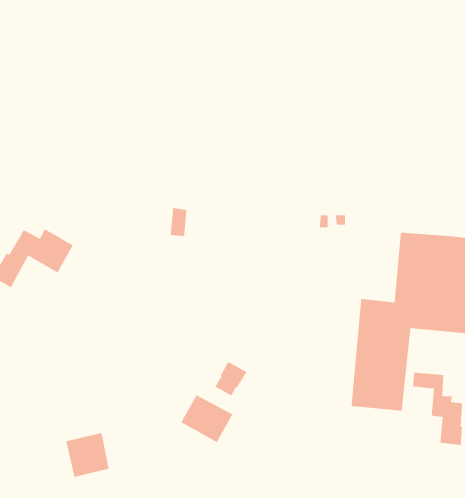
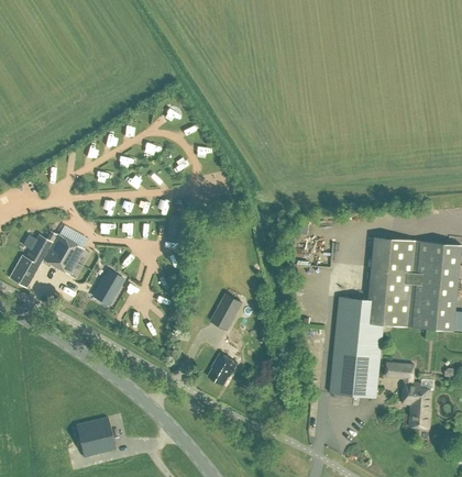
building: none -> [95,271,124,306]
building: none -> [211,295,242,330]
building: [180,394,234,443] -> none

